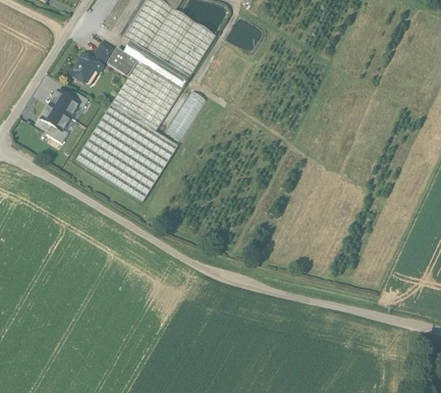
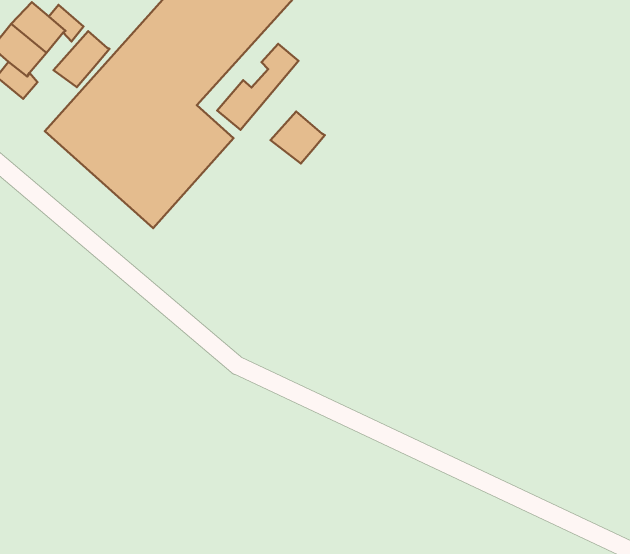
building: none -> [54,31,110,87]
building: none -> [271,112,325,164]

